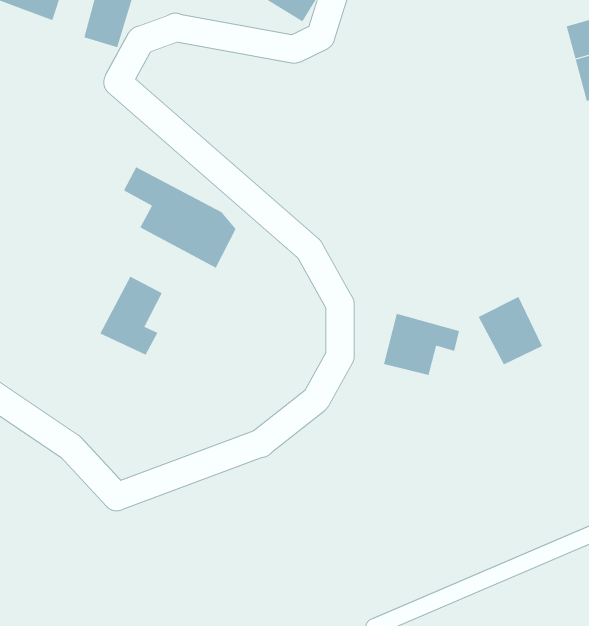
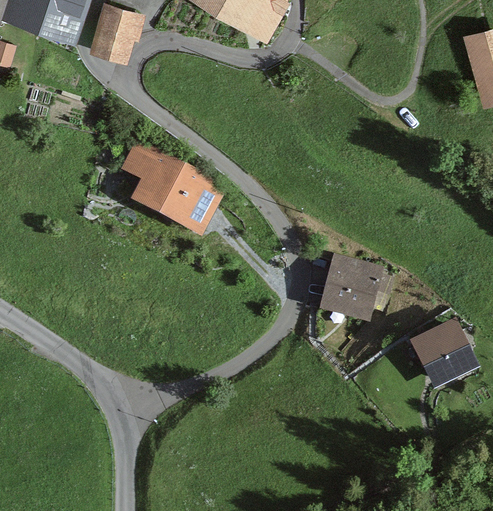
building: [100,276,163,356] -> none
building: [478,296,543,365] -> [416,326,467,380]

